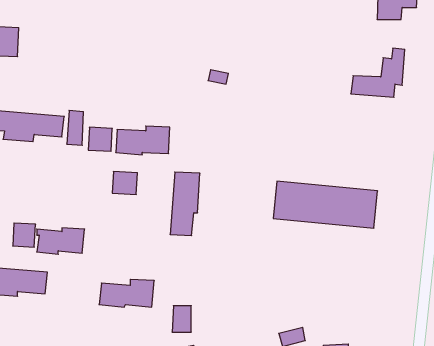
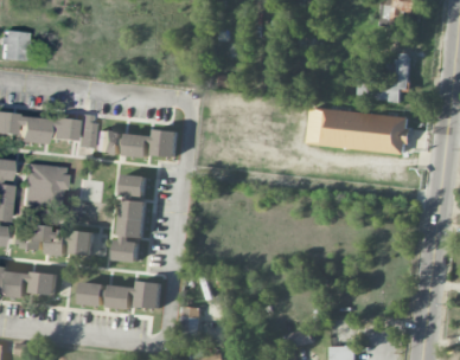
building: none -> [21,162,64,208]
building: [170,172,200,236] -> [117,199,147,262]
building: [273,181,378,228] -> [308,105,411,152]
building: none -> [81,281,107,306]

